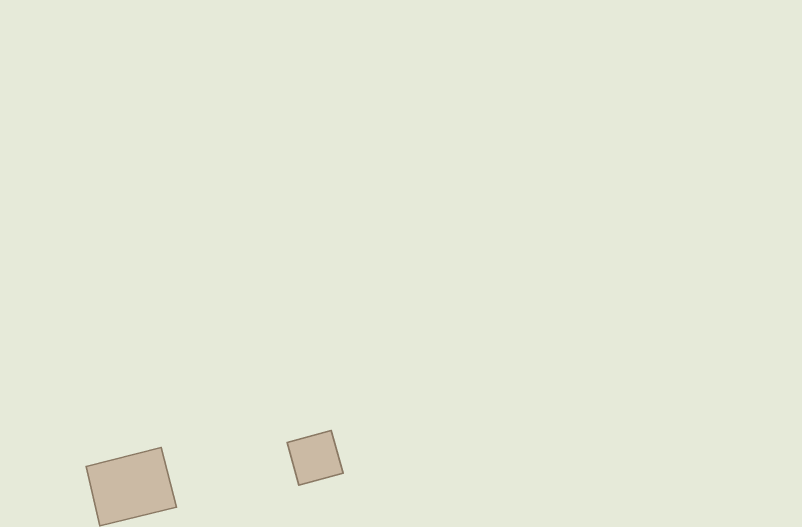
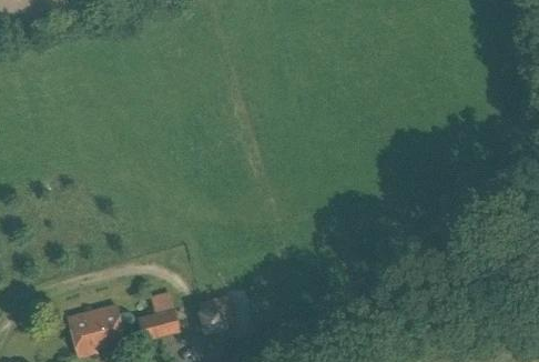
building: none -> [135,310,180,340]

